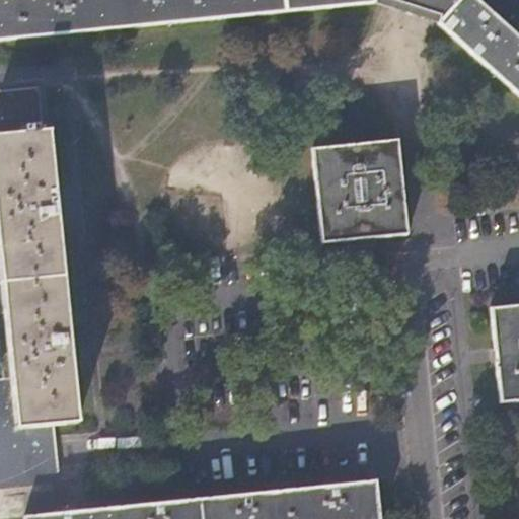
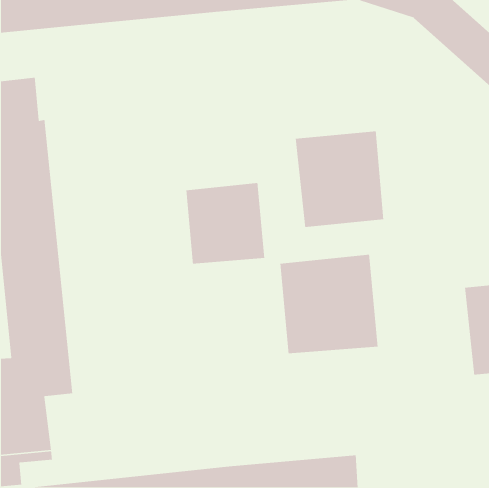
building: none -> [185,182,265,264]
building: none -> [279,254,379,354]

